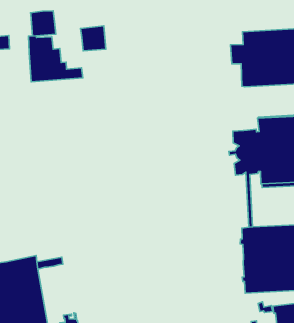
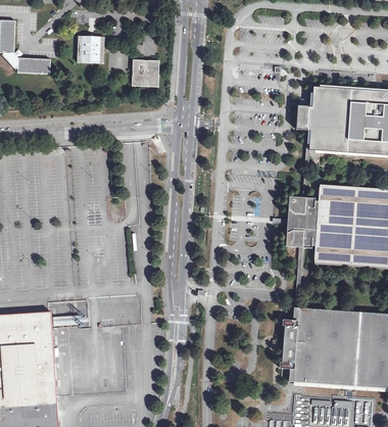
building: [29,36,83,82] -> none

